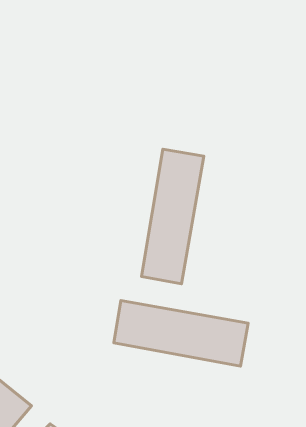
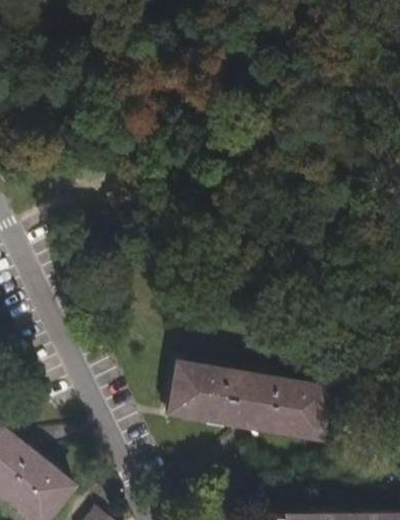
building: [142,149,204,284] -> none

